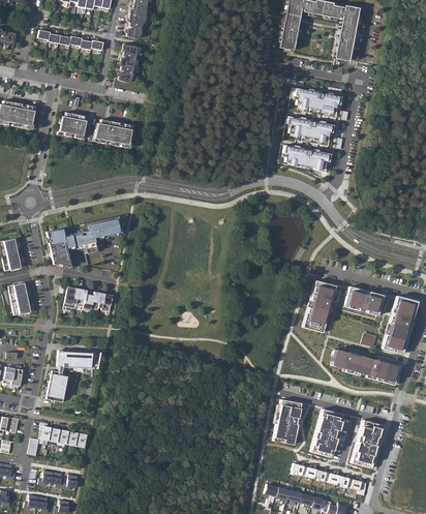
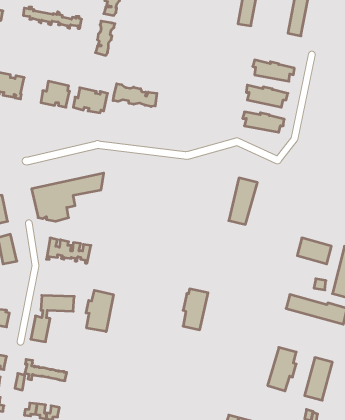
building: none -> [113,84,157,107]
building: [304,280,336,332] -> [229,178,257,224]
building: none -> [86,290,113,332]
building: [275,398,303,444] -> [183,289,208,330]

